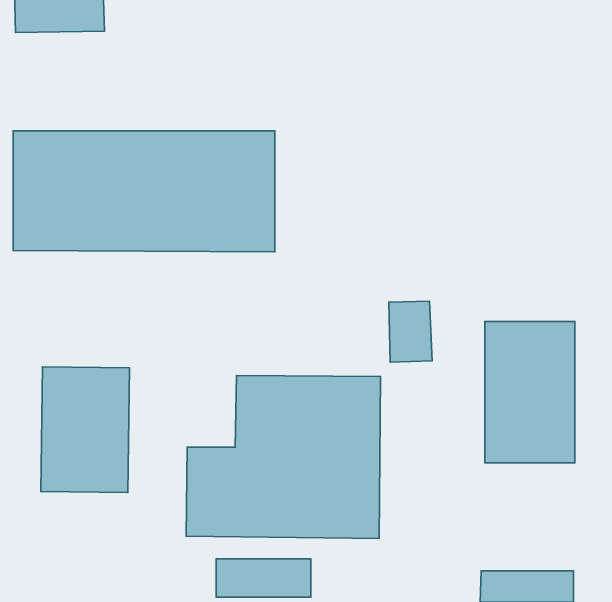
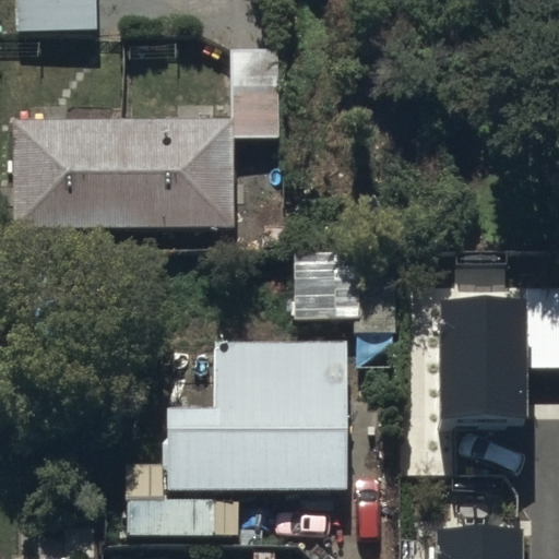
building: [41,367,129,492] -> none

